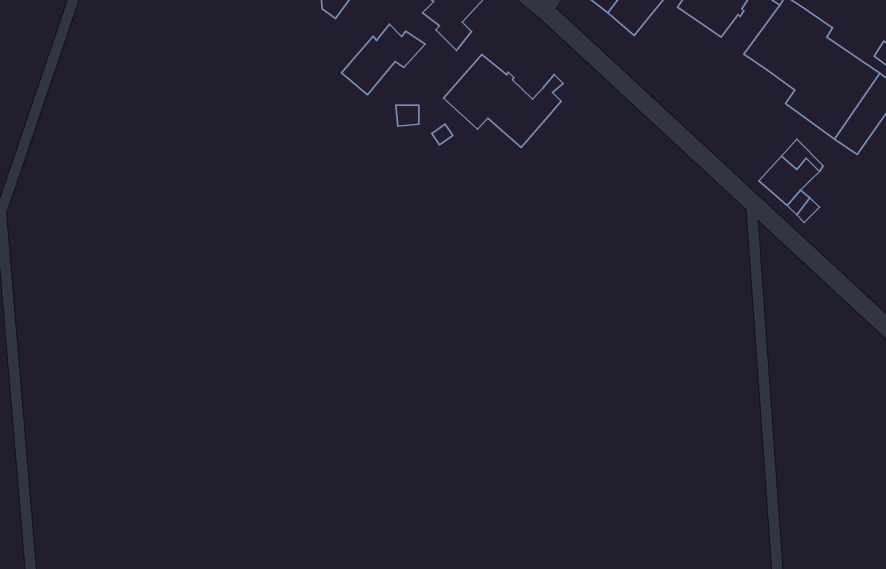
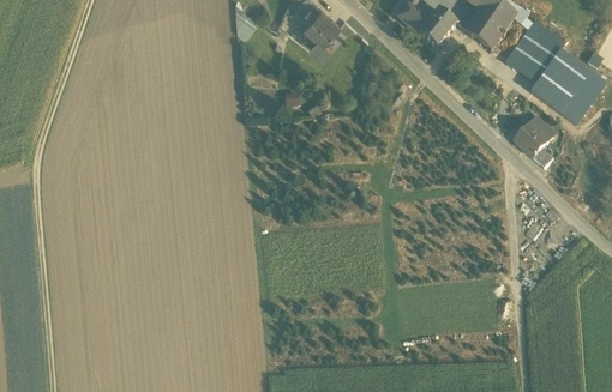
building: [341,24,425,95] -> none
building: [443,54,563,147] -> none

